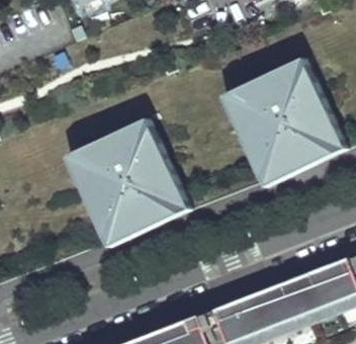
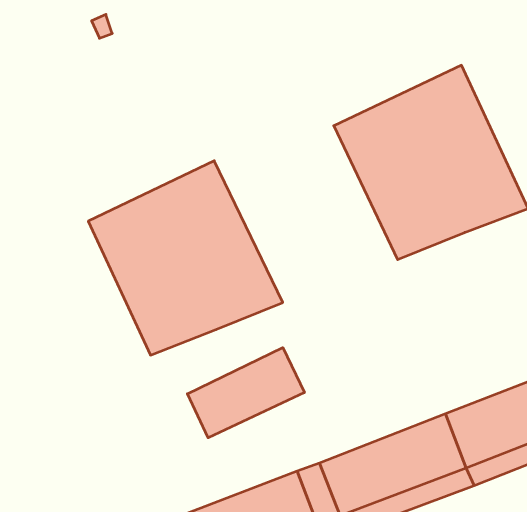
building: none -> [187,348,304,438]

